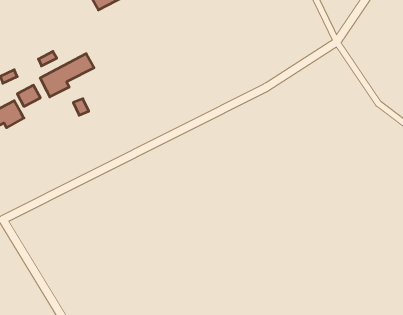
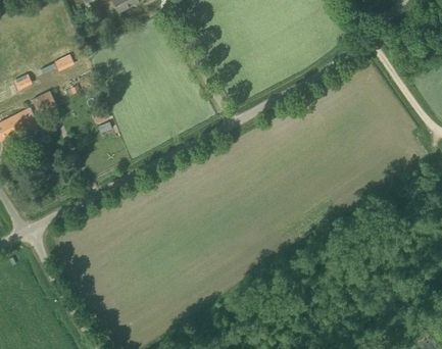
building: [40,54,94,97] -> none

